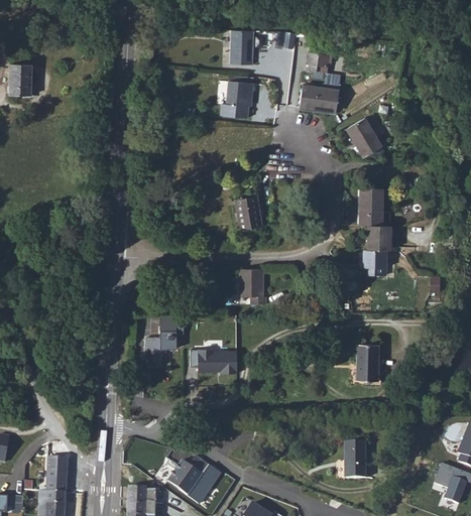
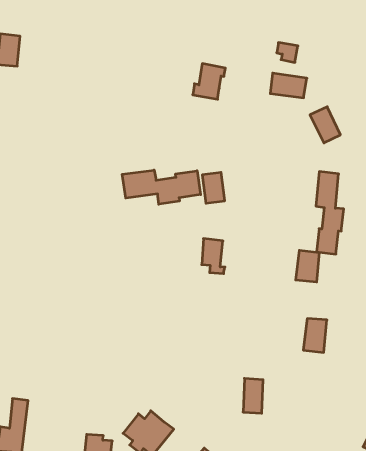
building: [231,28,253,61] -> none
building: none -> [122,170,201,204]
building: none -> [296,250,319,282]
building: [146,317,185,367] -> none
building: [191,348,237,369] -> none
building: [344,441,365,478] -> [243,378,263,413]

